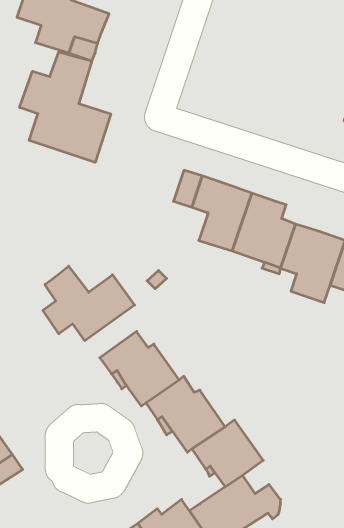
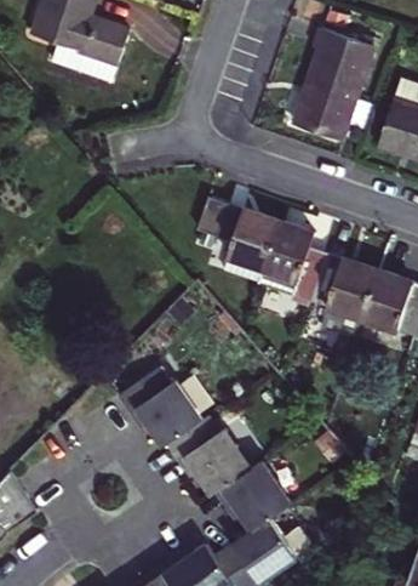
building: none -> [294,28,372,140]
building: [20,52,111,162] -> none
building: [43,266,135,341] -> none

